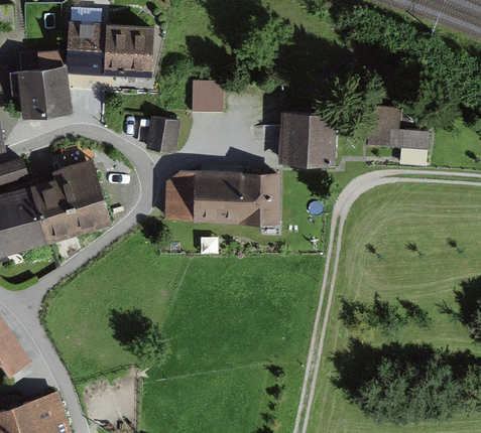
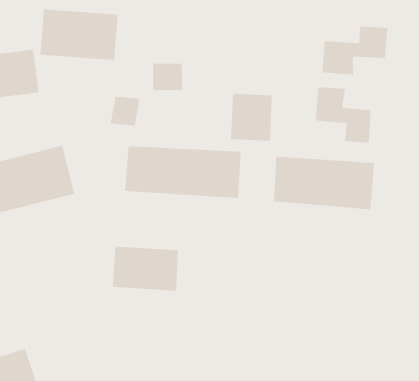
building: none -> [322,25,388,75]
building: none -> [273,156,374,210]
building: none -> [113,246,179,291]

